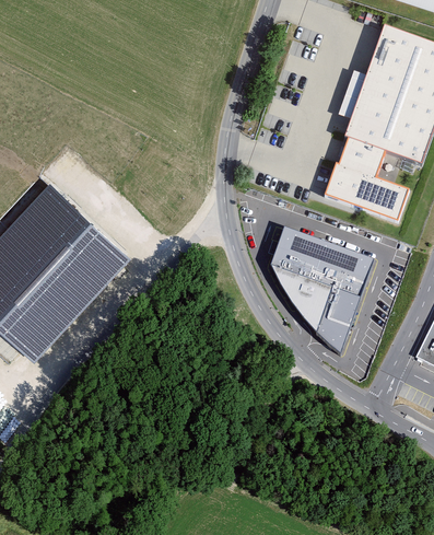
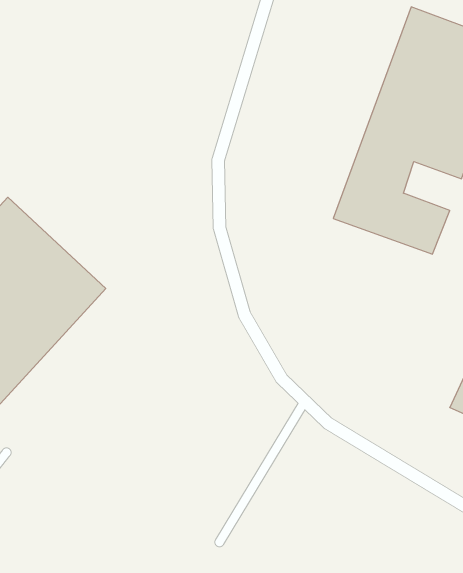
building: [270,230,373,354] -> none

